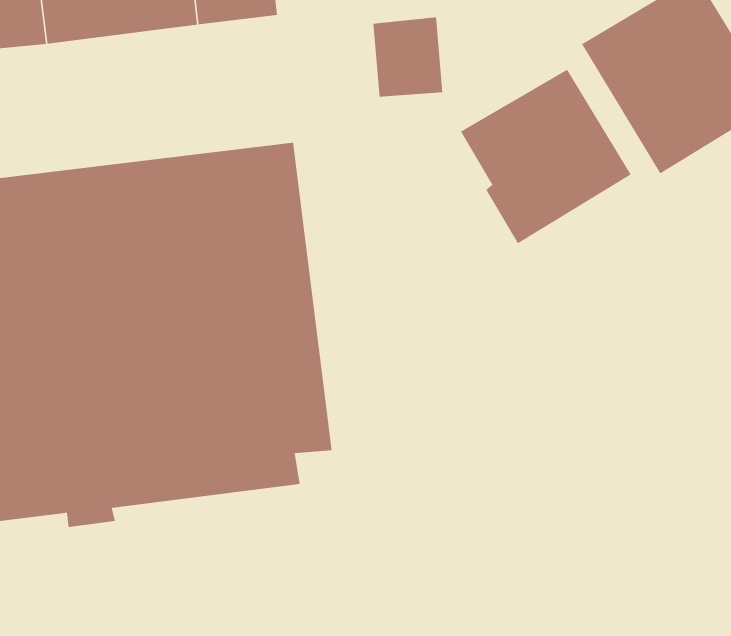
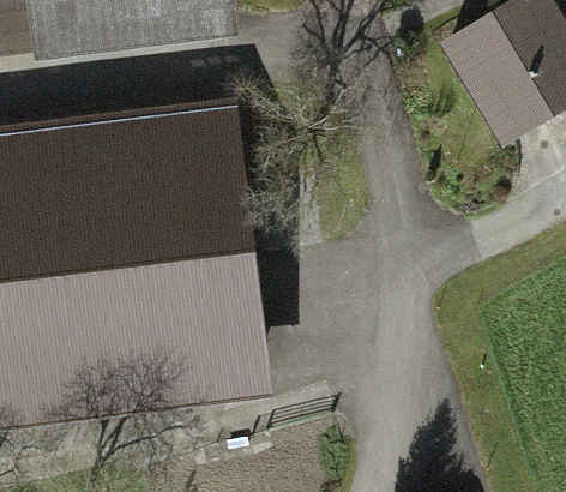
building: [460,69,631,244] -> none

